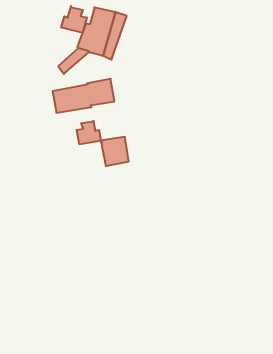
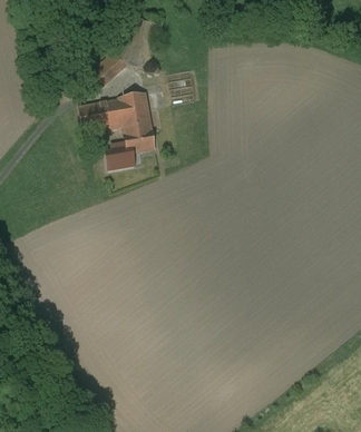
building: [61,6,87,33] -> none
building: [101,137,129,166] -> [121,119,154,154]

